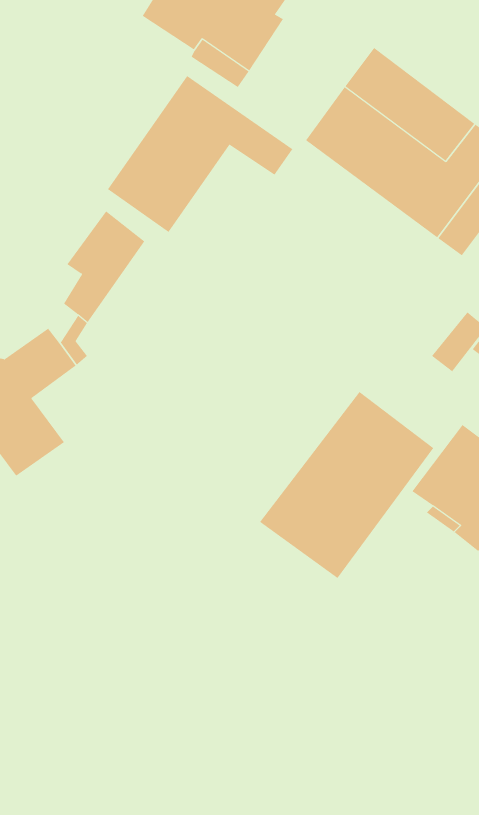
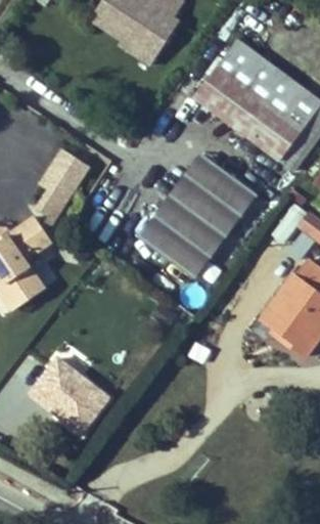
building: [107,75,293,233] -> none
building: [259,391,434,579] -> [142,156,252,273]
building: none -> [27,353,113,437]

